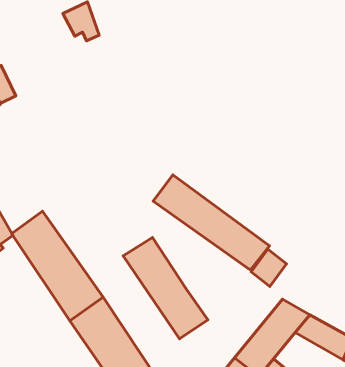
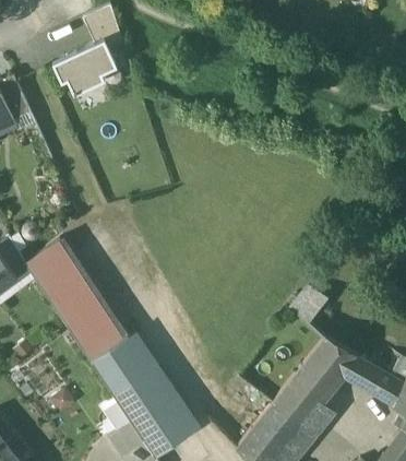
building: none -> [52,39,118,95]
building: [153,175,269,270] -> none
building: [123,237,208,339] -> none

